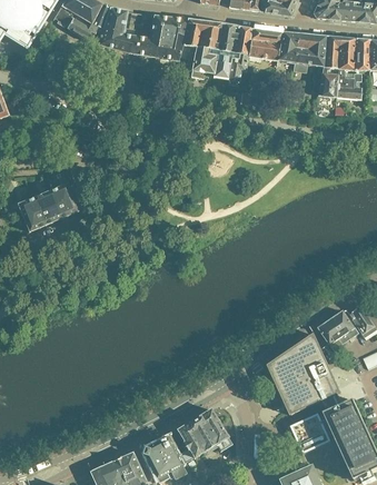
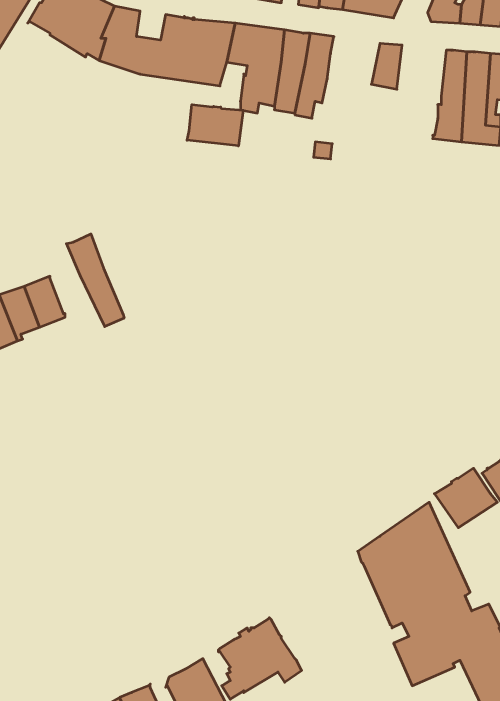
building: [247,28,281,60] -> none
building: [291,33,325,71] -> none
building: none -> [187,105,243,146]
building: none -> [66,234,124,327]

